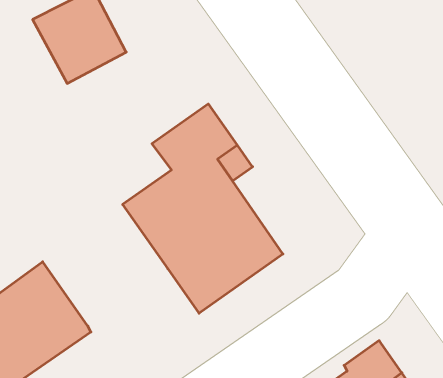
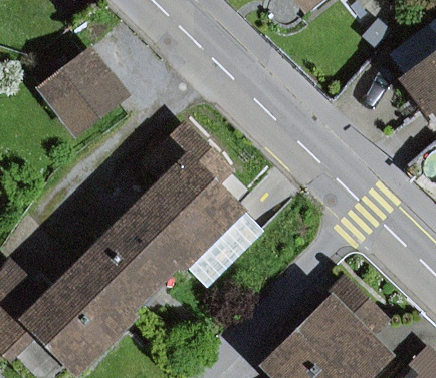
building: none -> [82,213,177,308]

